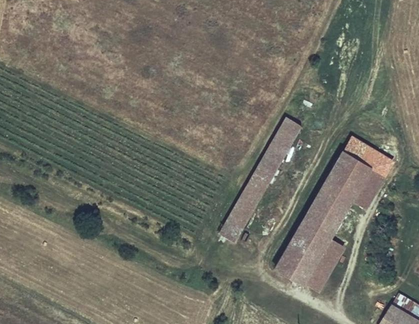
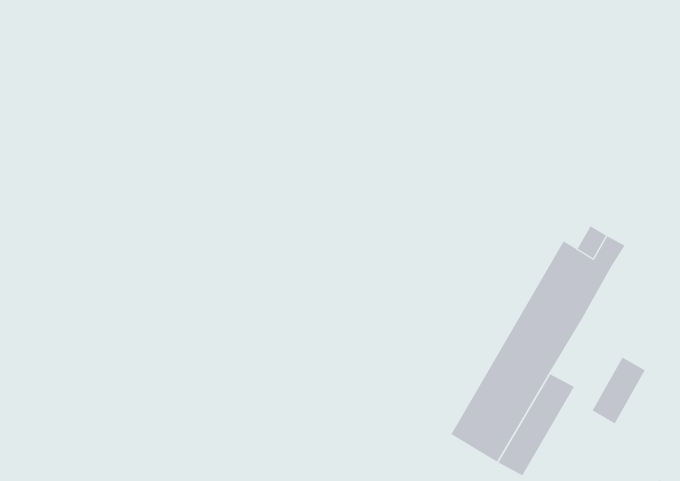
building: [219,118,300,242] -> none
building: [351,169,383,209] -> [592,357,646,424]

